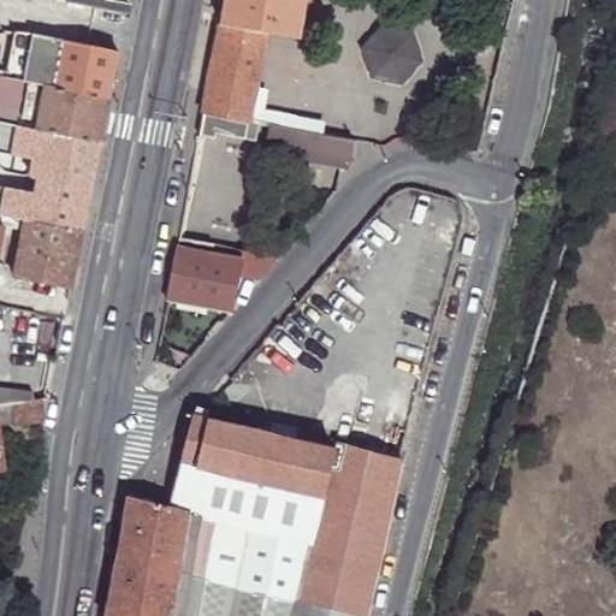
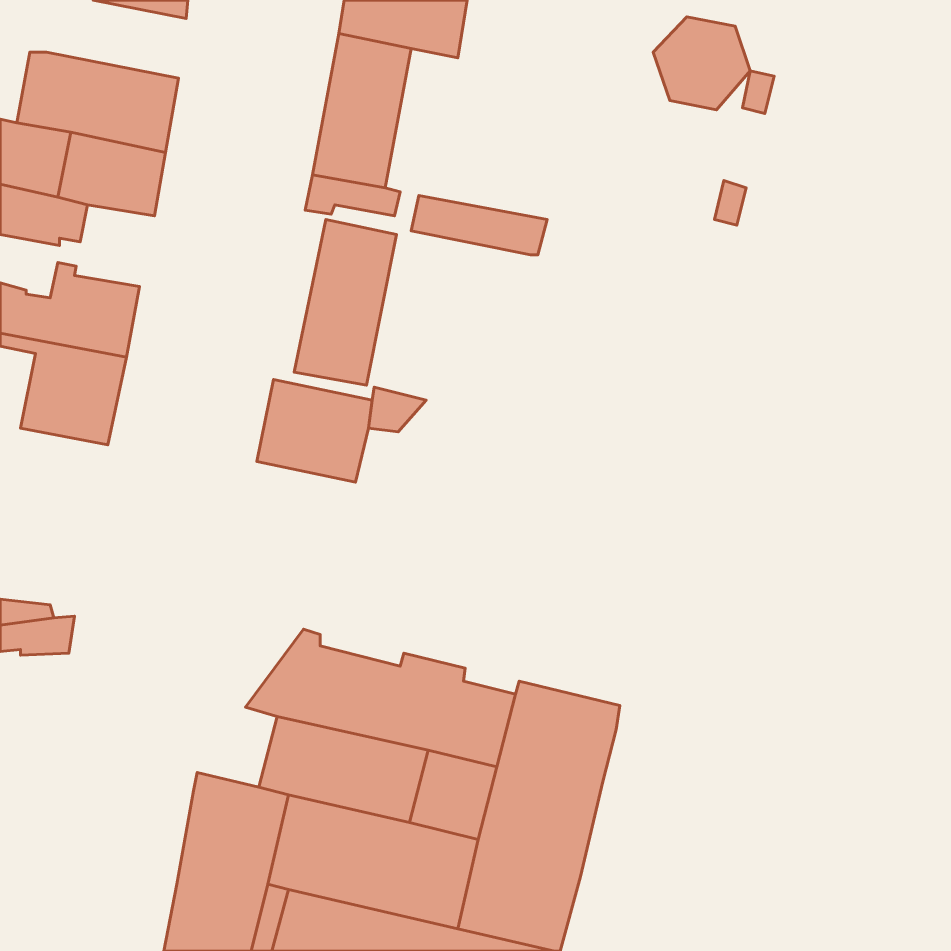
building: [360,23,422,83] -> [653,17,750,110]
building: [48,132,100,185] -> none

